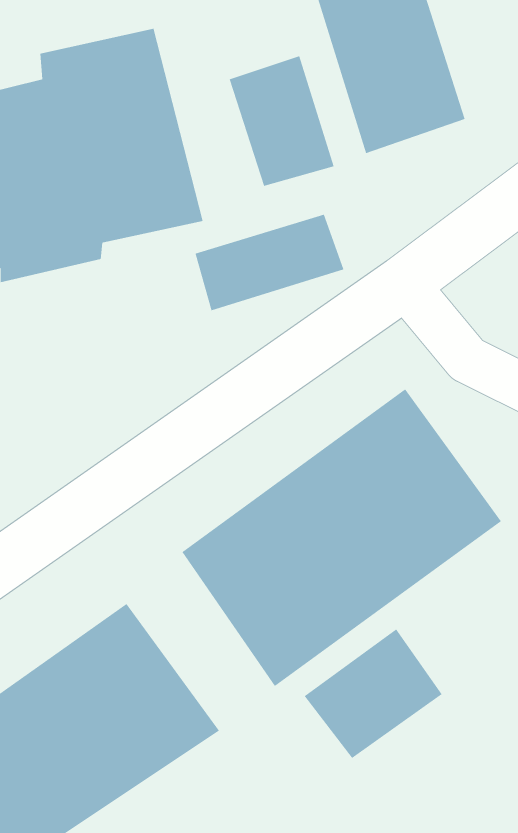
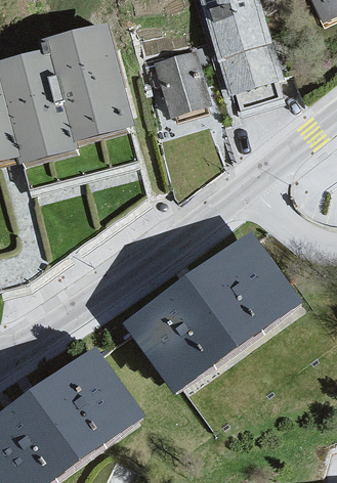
building: [195,214,344,311] -> none
building: [304,629,442,759] -> none

